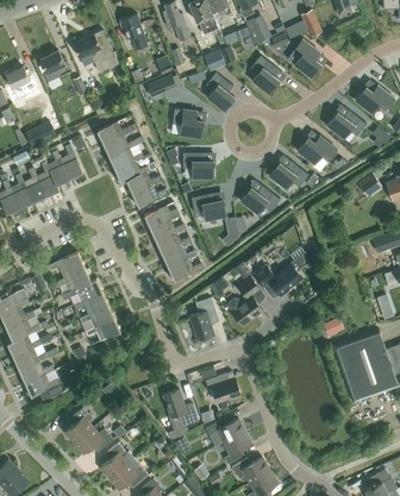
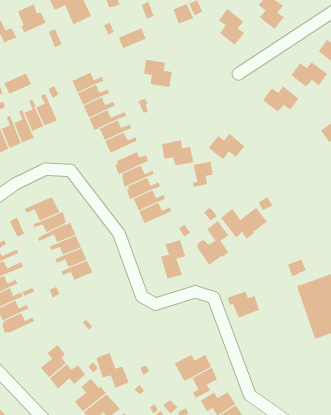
building: [206,73,235,111] -> none
building: [183,152,213,178] -> none
building: [269,161,308,189] -> none
building: [206,373,240,402] -> [227,291,260,318]
building: [163,389,199,427] -> [95,352,129,388]

